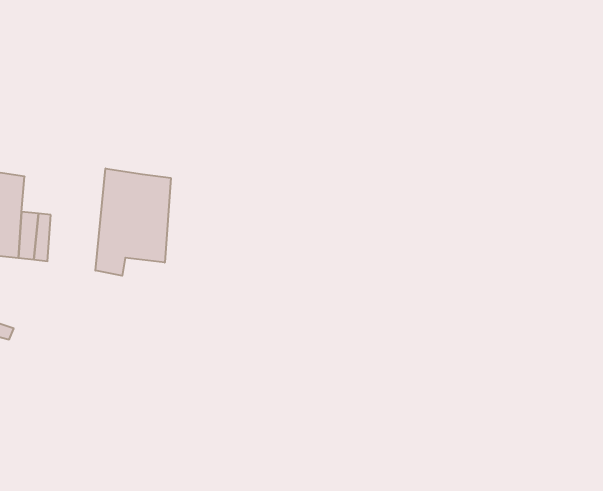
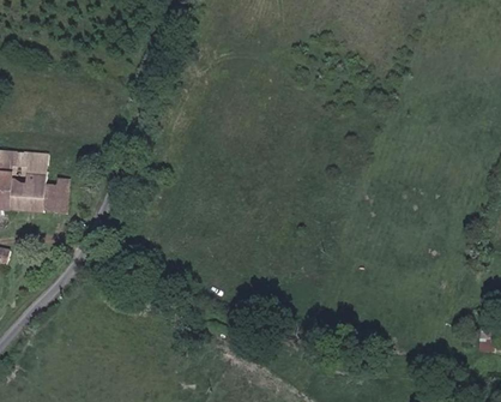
building: [95,168,171,276] -> none

